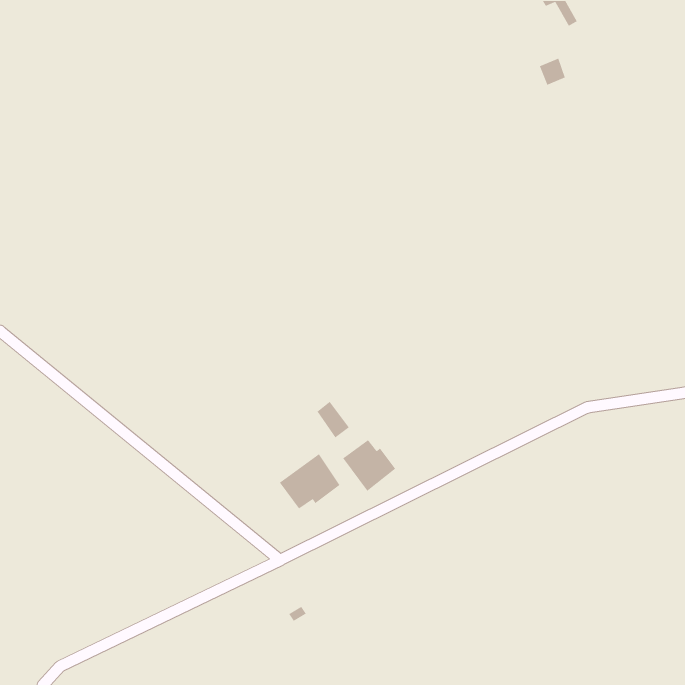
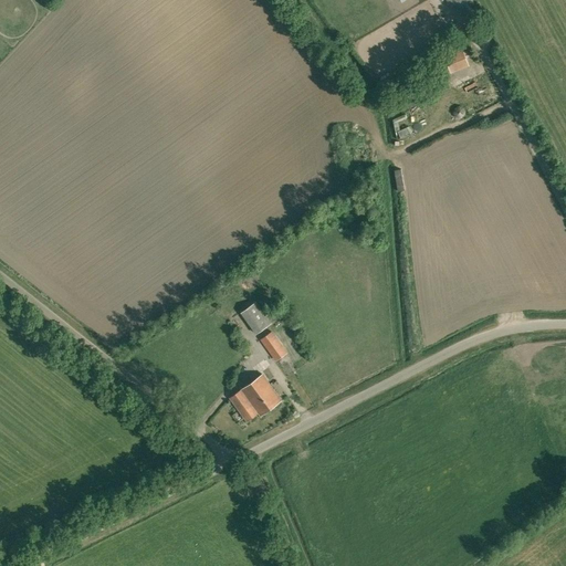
building: none -> [241,302,271,334]
building: [342,439,396,492] -> none

